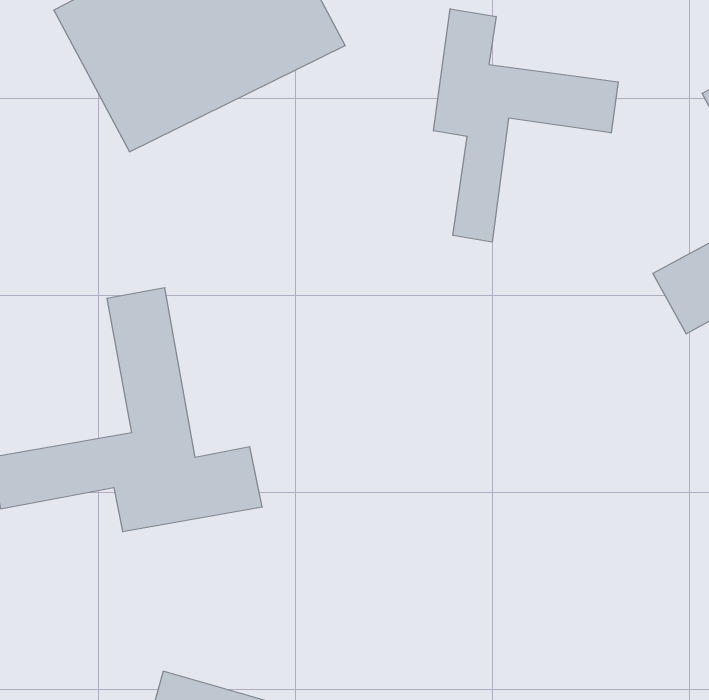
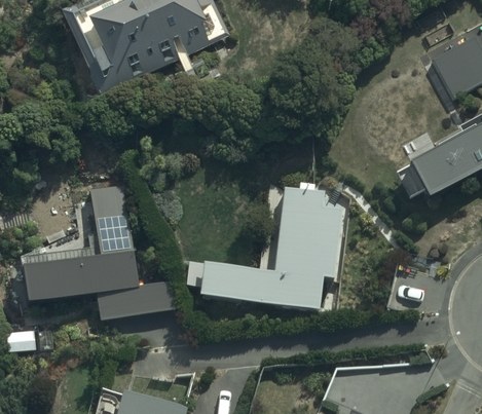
building: [434,9,618,242] -> none
building: none -> [200,185,343,307]

